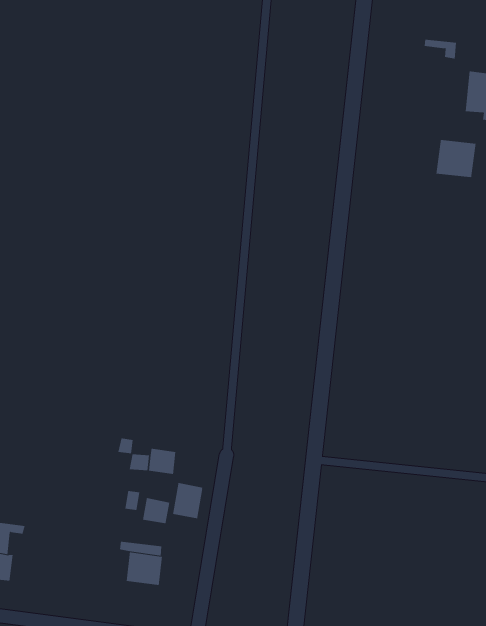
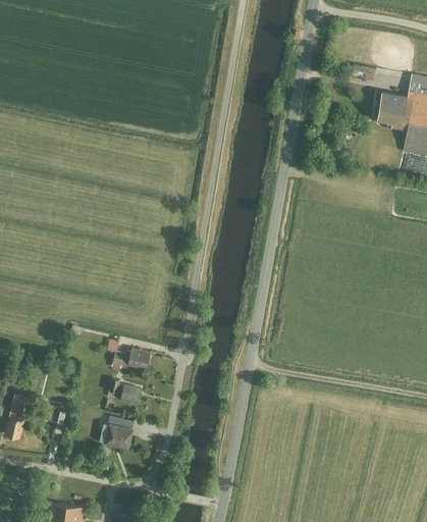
building: [436,139,476,178] -> none
building: [172,482,203,519] -> none

